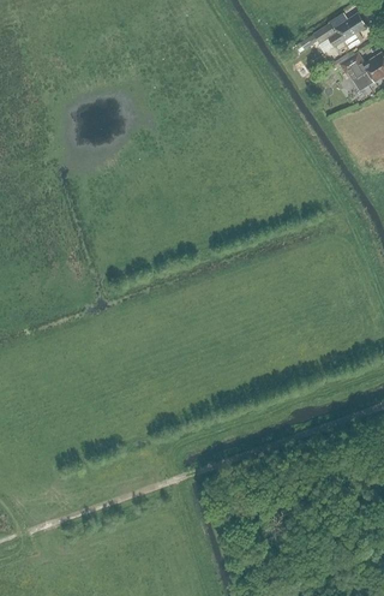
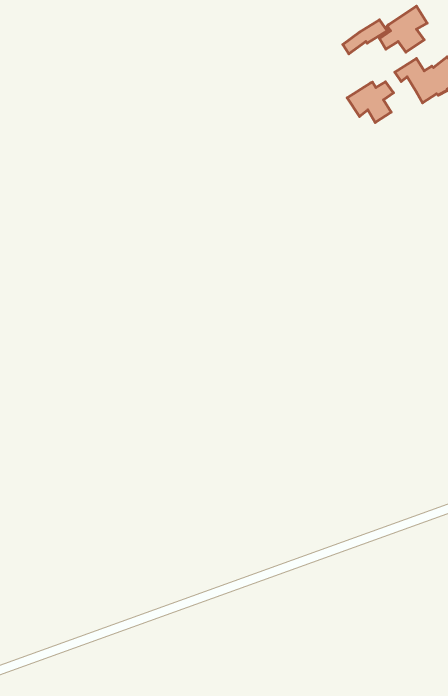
building: none -> [347,82,393,122]

